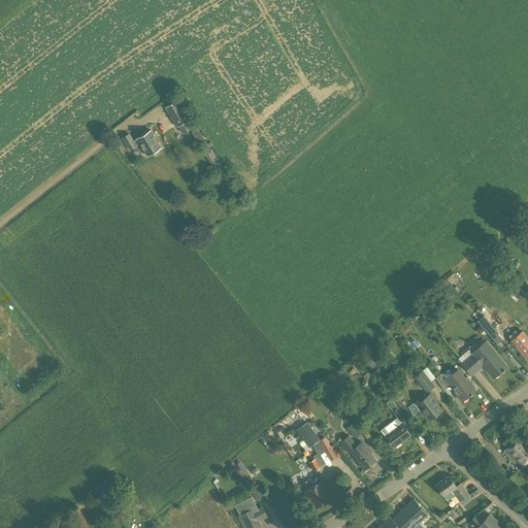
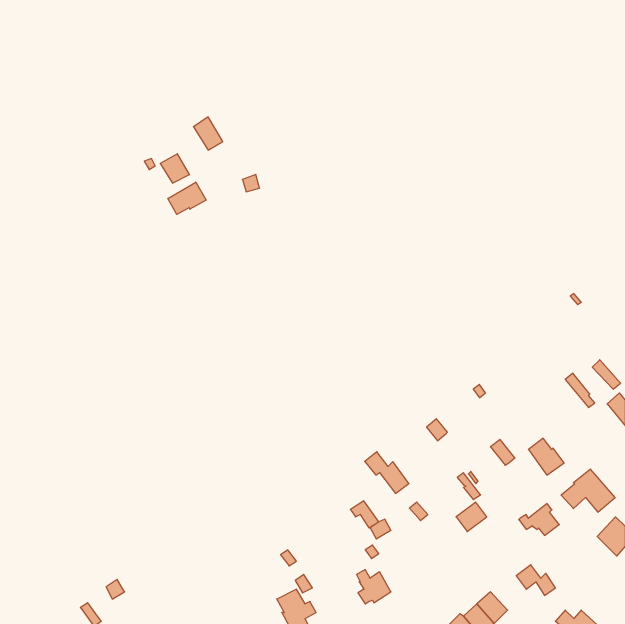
building: none -> [168,182,206,214]
building: [461,342,506,378] -> [561,469,615,512]
building: [407,394,441,421] -> [519,504,559,535]
building: [338,435,375,470] -> [365,452,409,493]

